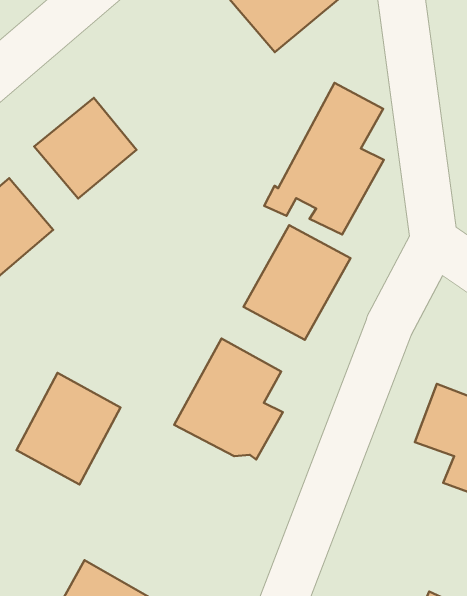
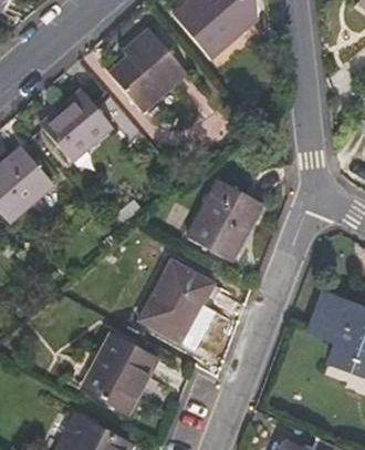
building: none -> [108,28,187,112]
building: [264,83,384,235] -> none
building: [17,373,120,485] -> [82,335,155,413]

